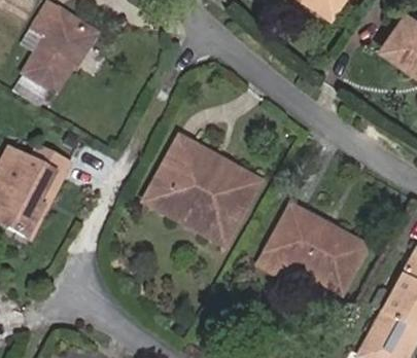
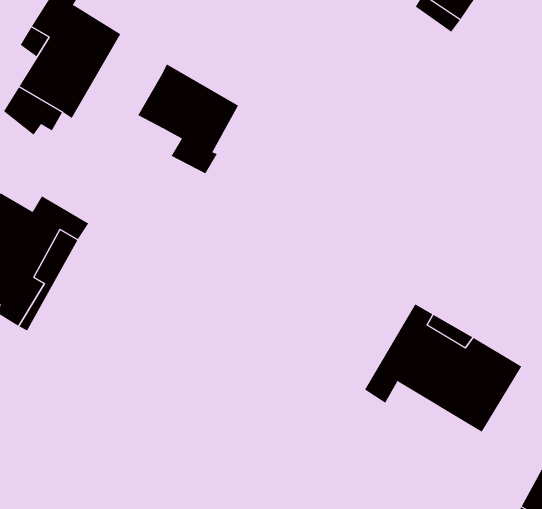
building: none -> [138,63,239,174]
building: [147,142,264,232] -> none

